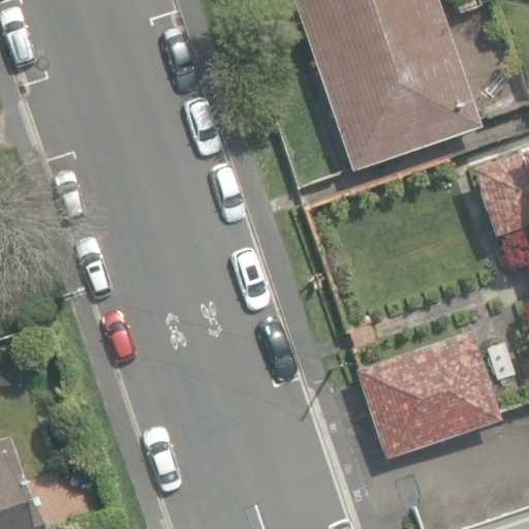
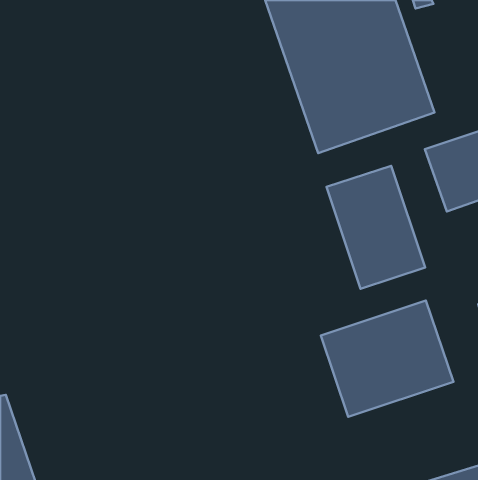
building: none -> [327,166,425,289]

